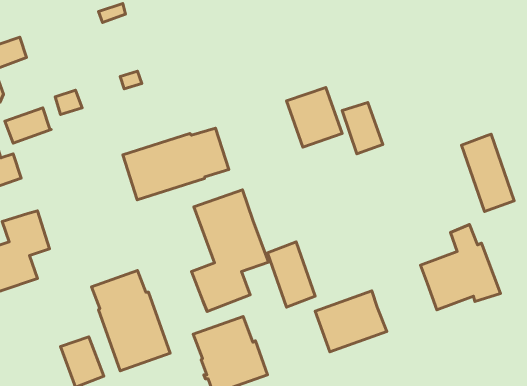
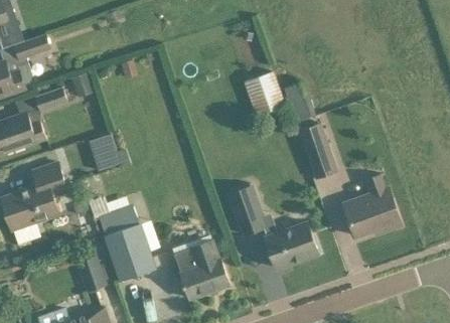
building: [123,128,229,200] -> none
building: [461,134,514,212] -> [299,122,338,179]
building: none -> [89,134,120,170]
building: [191,190,268,311] -> none

